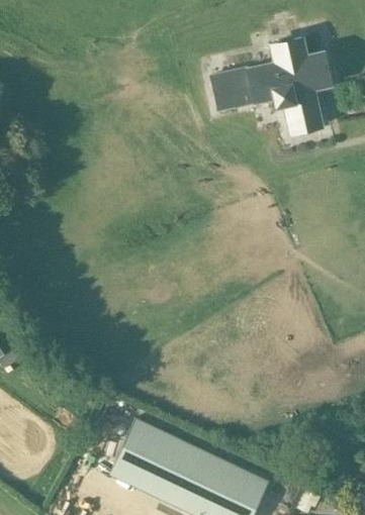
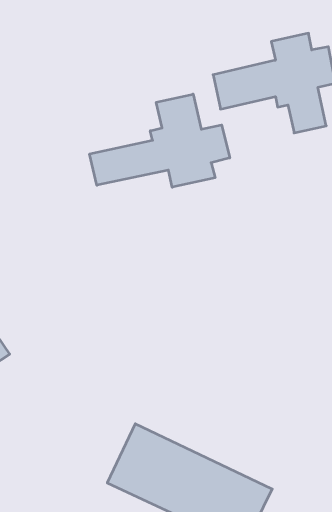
building: none -> [90,94,230,187]

